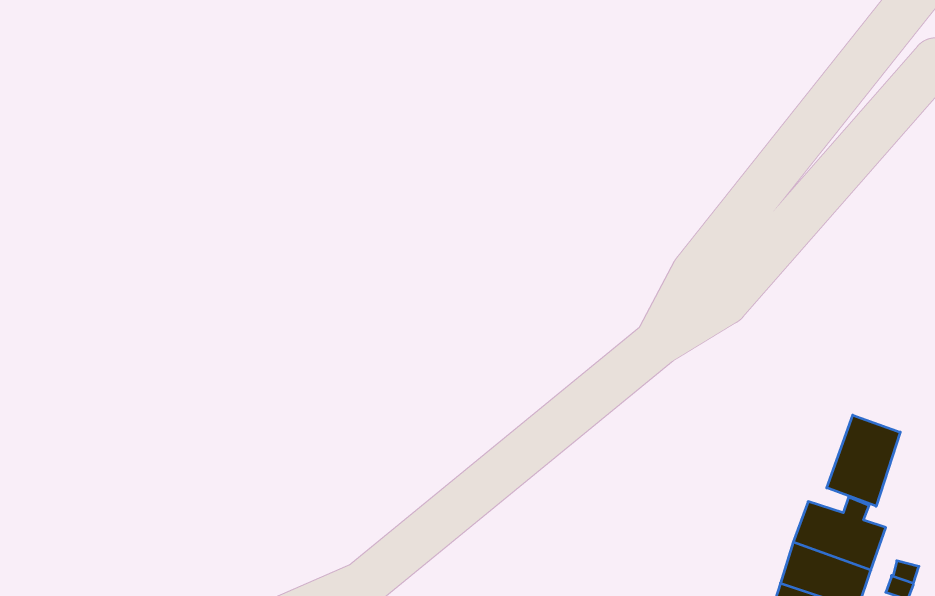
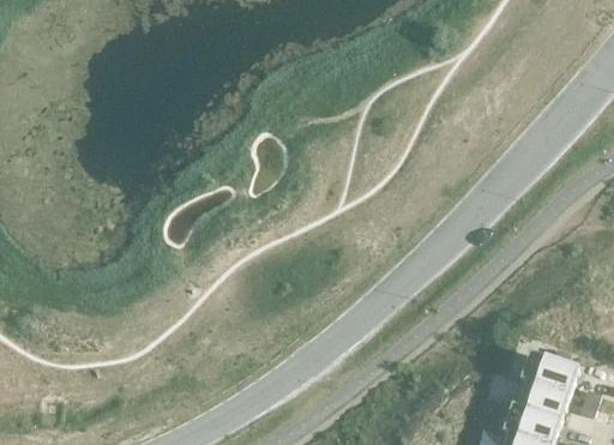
building: [827,415,900,506] -> none

